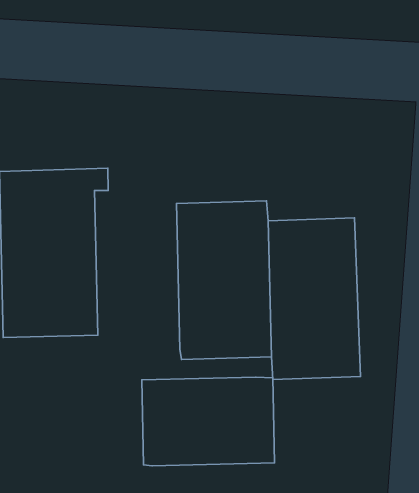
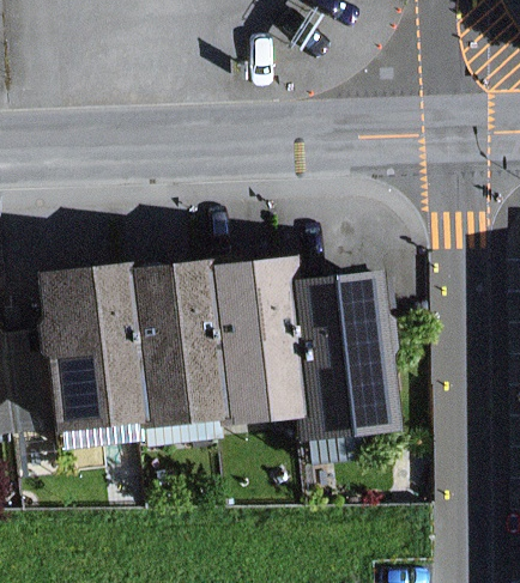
building: none -> [131,266,228,429]
building: [142,377,275,466] -> none

